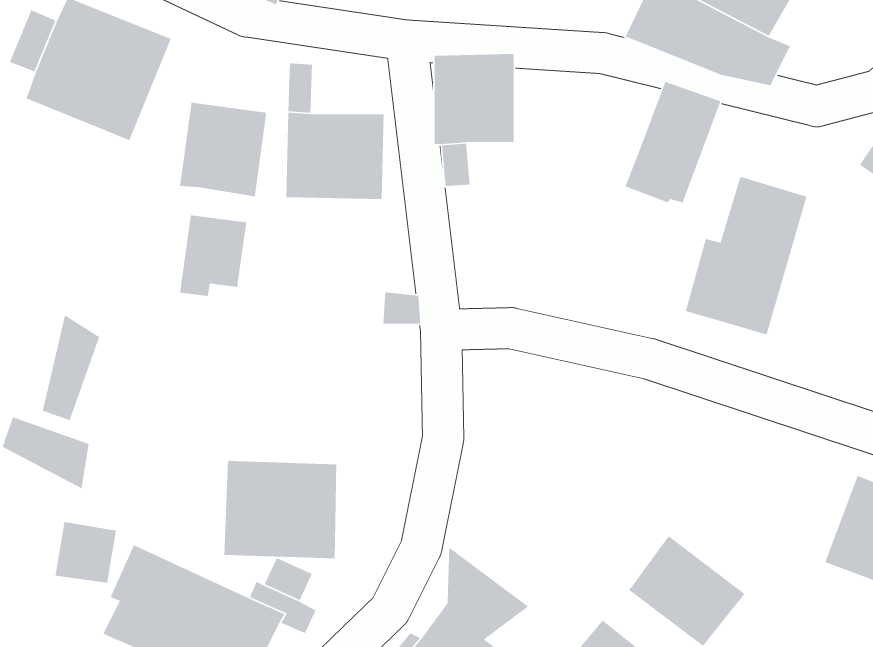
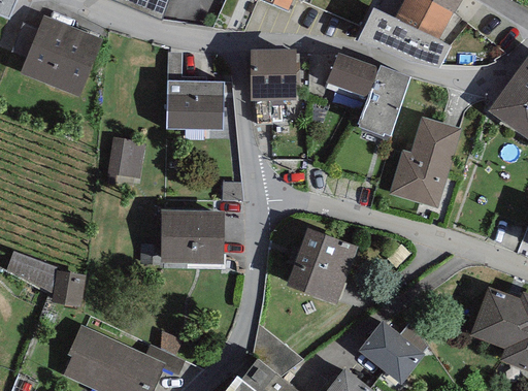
building: none -> [327,53,378,97]
building: [179,102,267,197] -> none
building: [42,314,100,421] -> none
building: none -> [286,228,357,303]
building: [224,460,337,559] -> [160,209,224,265]
building: [55,521,117,583] -> [52,271,87,306]

